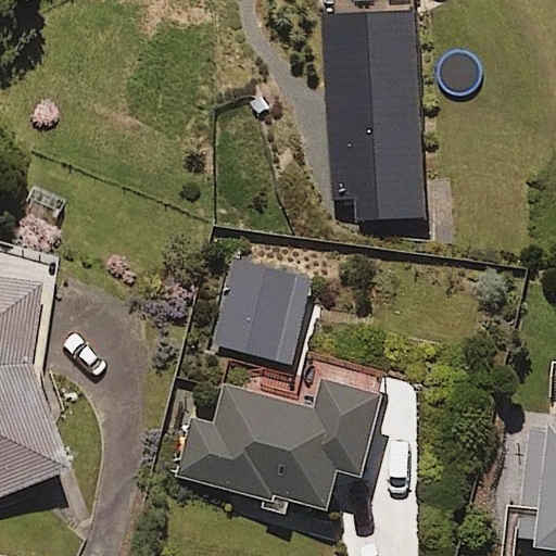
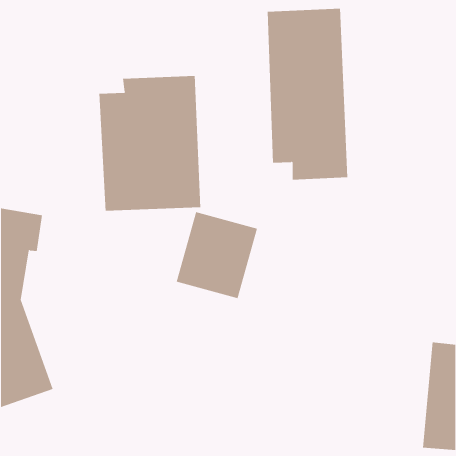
building: none -> [99,75,201,212]
building: [178,379,382,514] -> none

